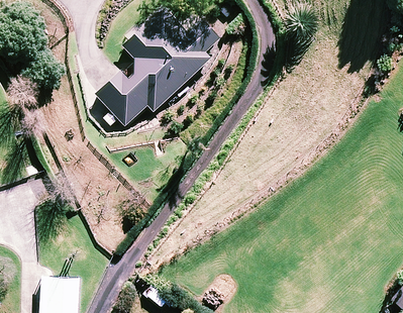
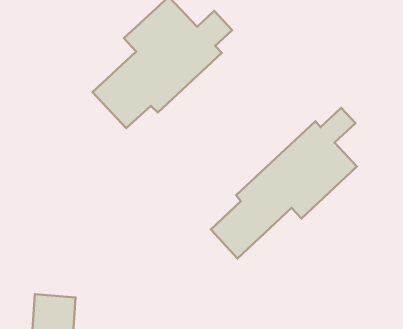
building: none -> [211,108,357,258]

